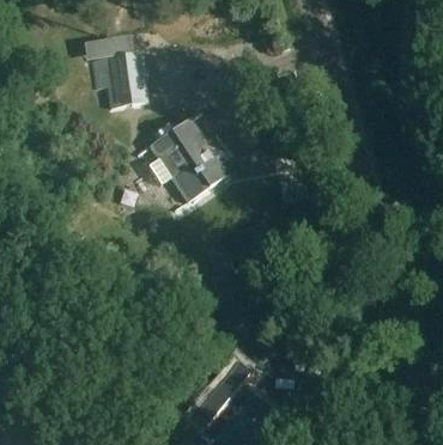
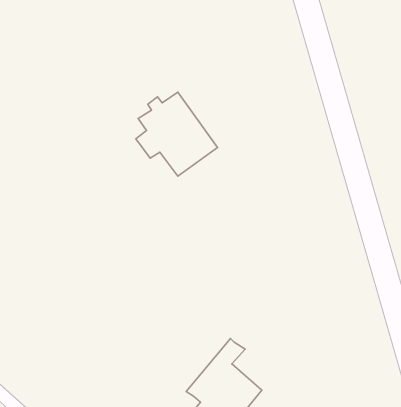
building: [95,49,148,104] -> none

